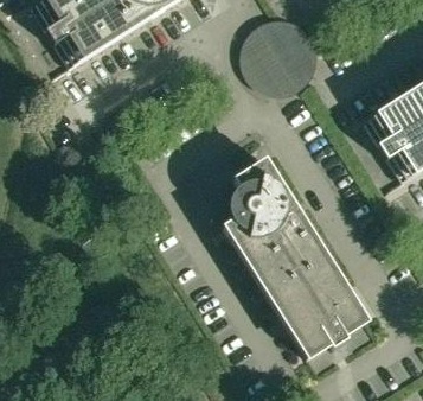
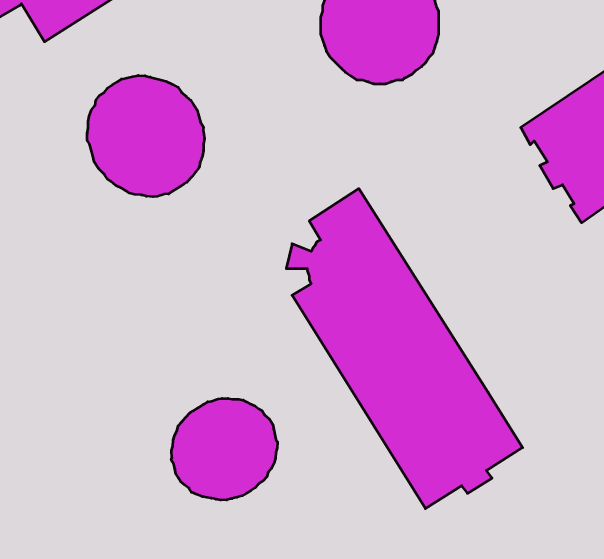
building: none -> [87,75,204,197]
building: none -> [171,398,278,500]

